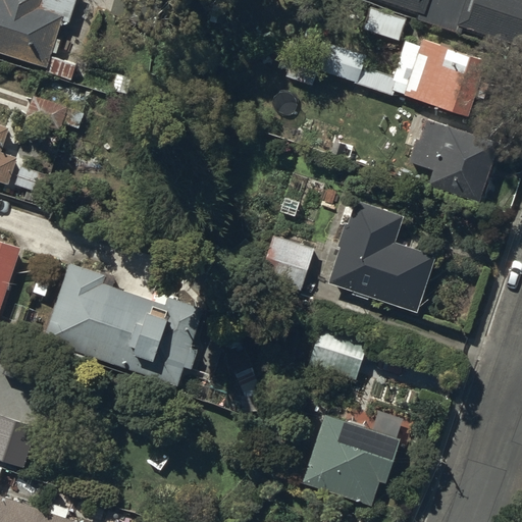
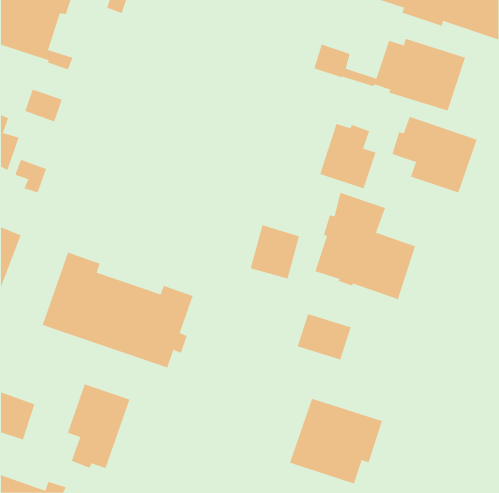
building: none -> [319,123,376,189]
building: none -> [67,383,130,469]

